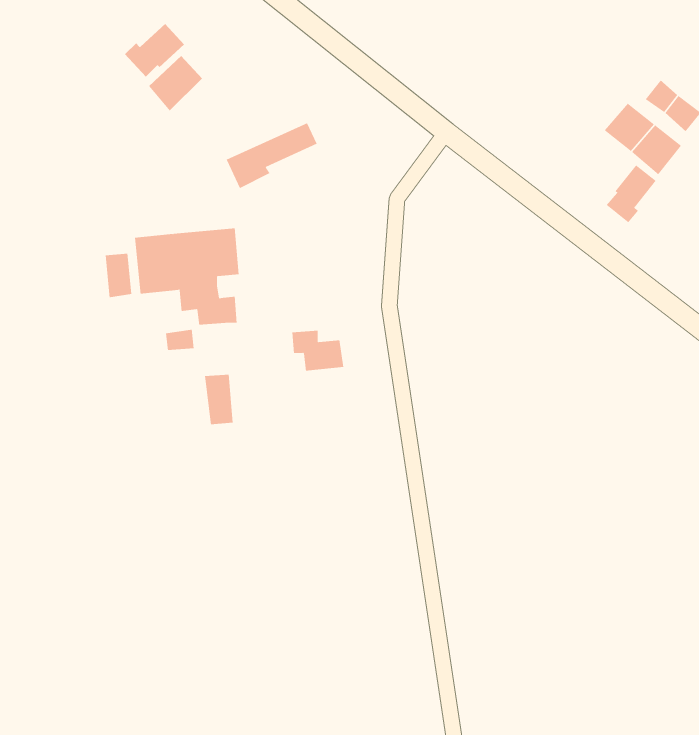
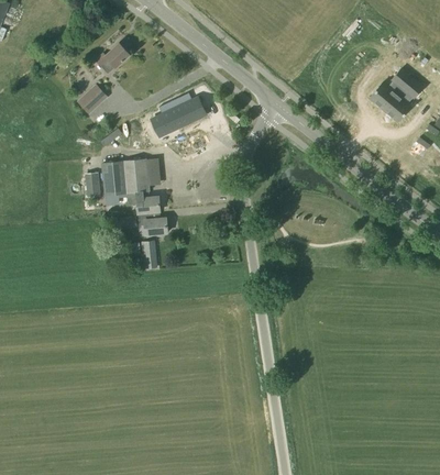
building: [148,55,203,112] -> [77,82,108,114]
building: [606,164,657,223] -> none
building: [291,330,344,371] -> [138,211,167,234]

